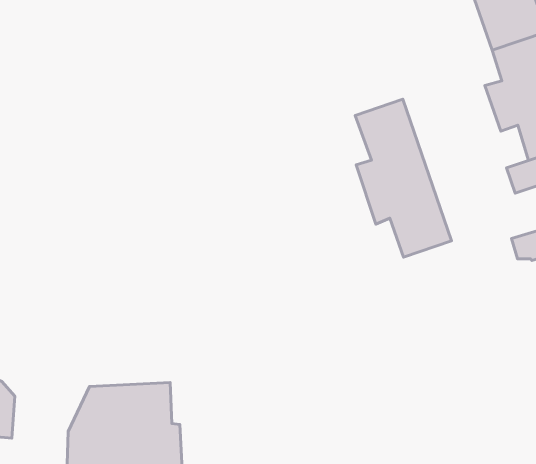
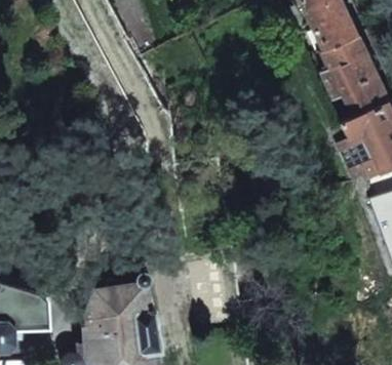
building: [355,99,451,257] -> none

